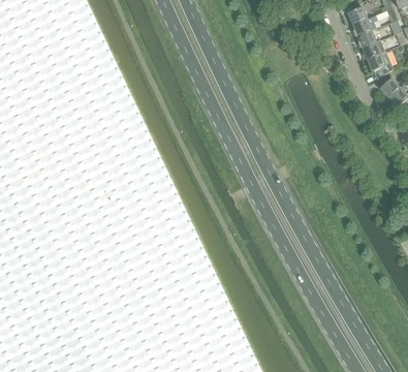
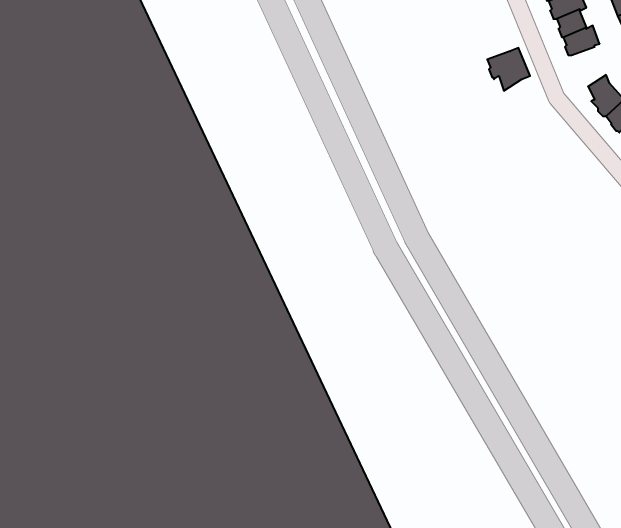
building: [367,52,394,79] -> [487,48,530,91]

